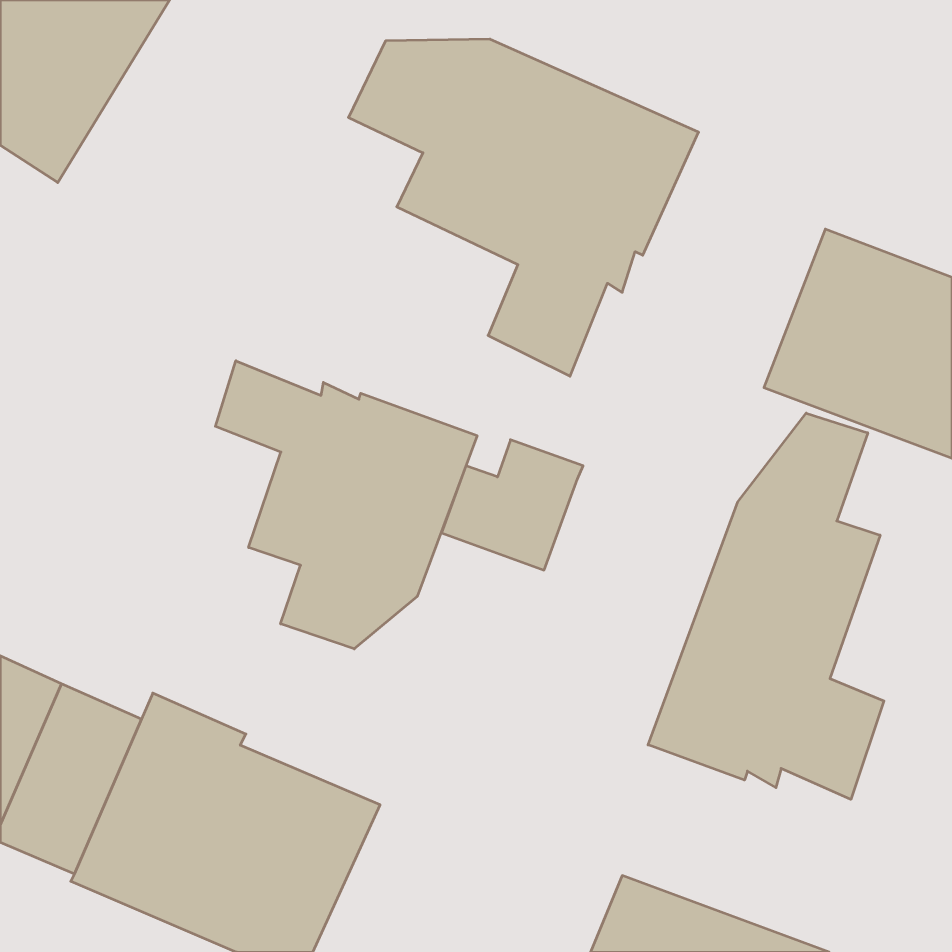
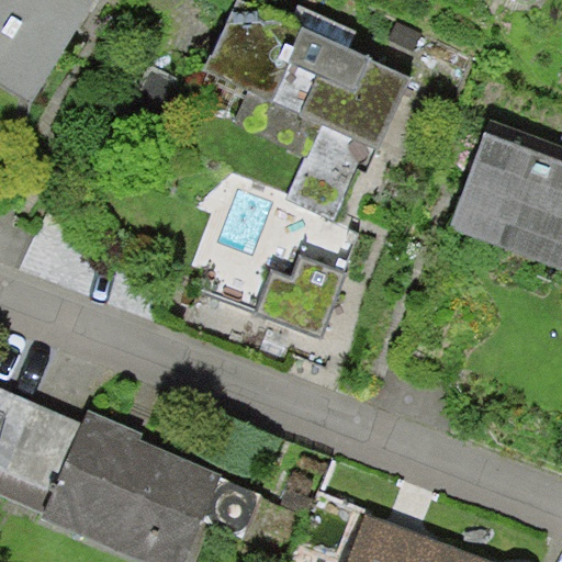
building: [215,361,477,649] -> none
building: [648,413,884,799] -> none

